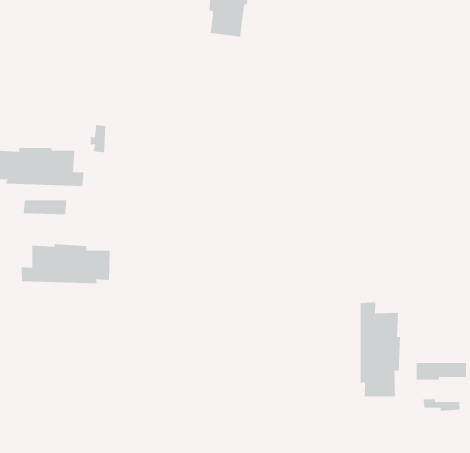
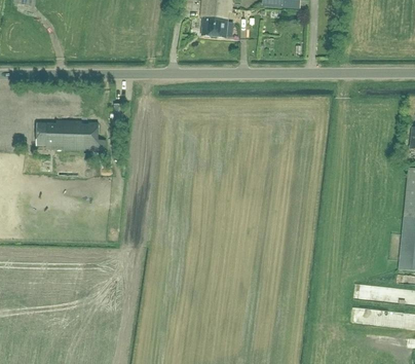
building: [21,243,110,284] -> none
building: [360,302,400,397] -> none

